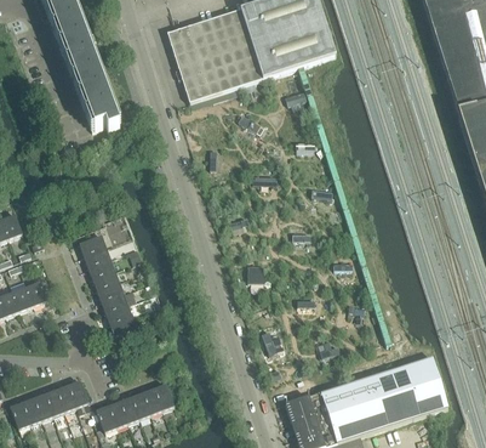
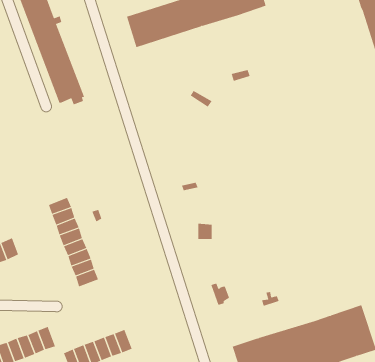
building: [176,19,336,102] -> none

